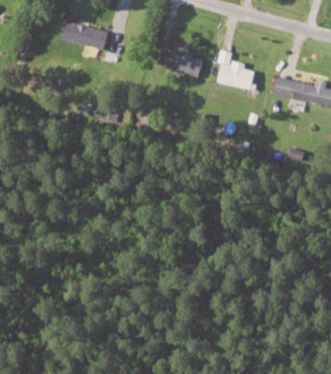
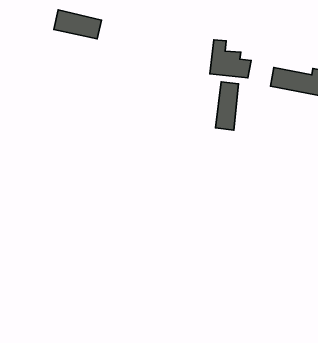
building: [167,49,203,76] -> none
building: none -> [215,82,238,130]

